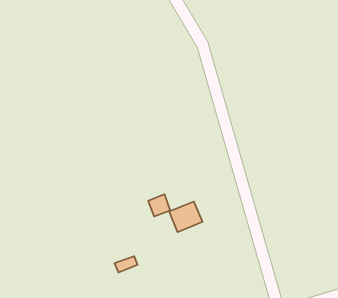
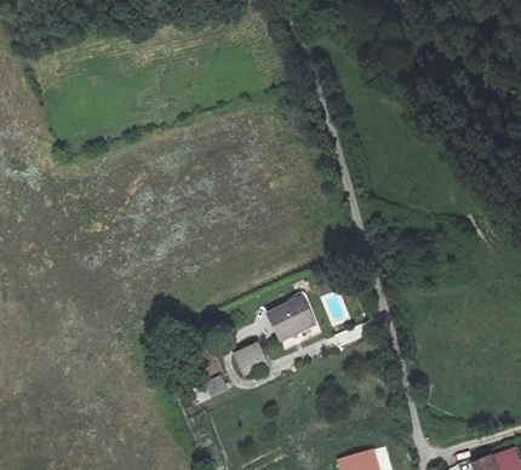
building: [148,194,170,216] -> [233,342,264,373]

